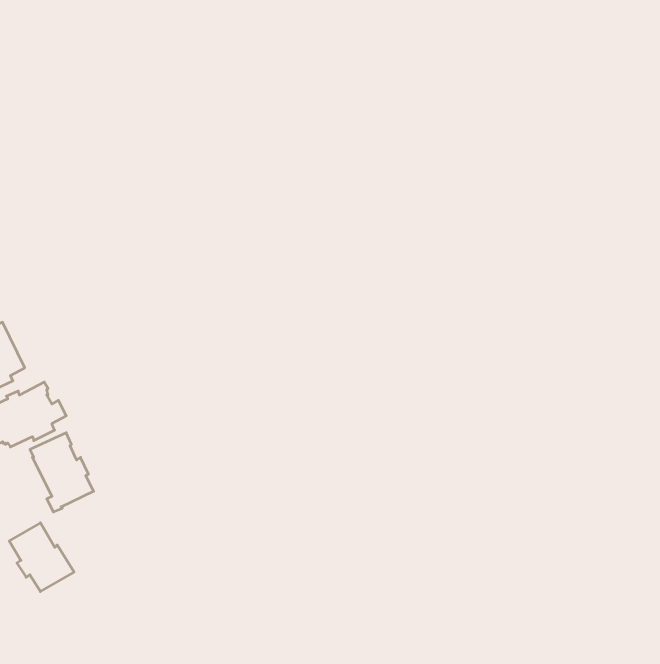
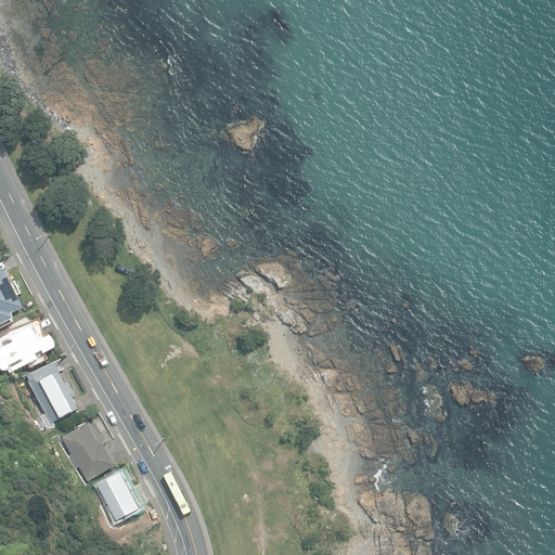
building: [9,523,74,592] -> [60,423,114,480]
building: none -> [96,472,138,519]

